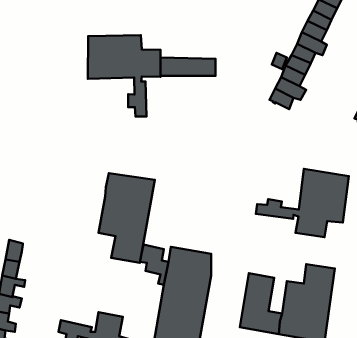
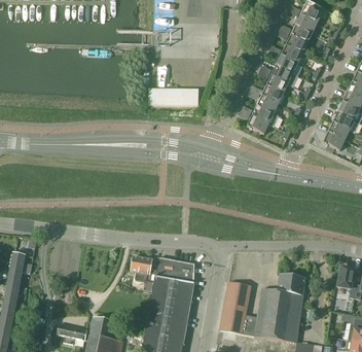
building: [88,35,161,116] -> none
building: [256,169,349,237] -> none
building: [99,173,155,263] -> none

